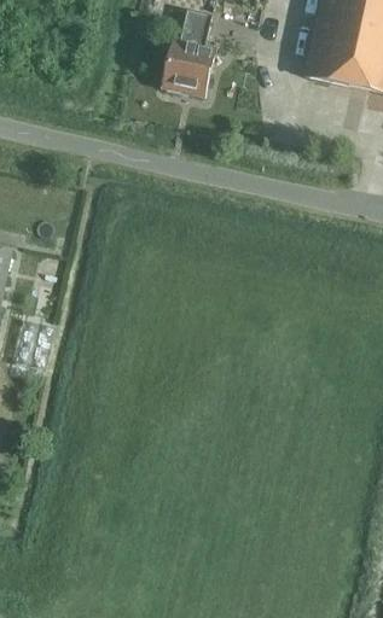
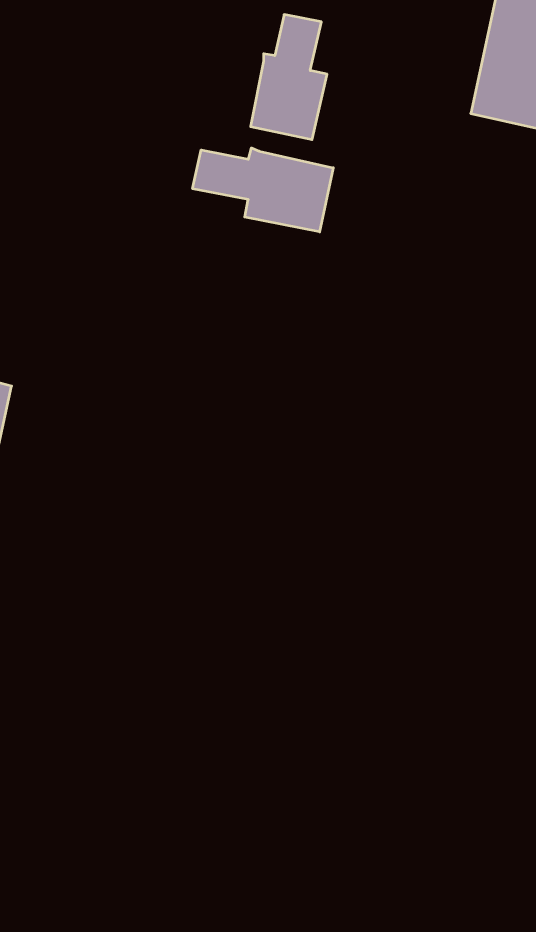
building: none -> [193,148,333,232]

